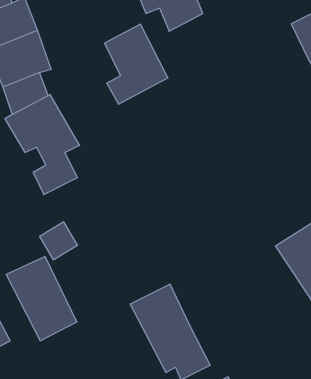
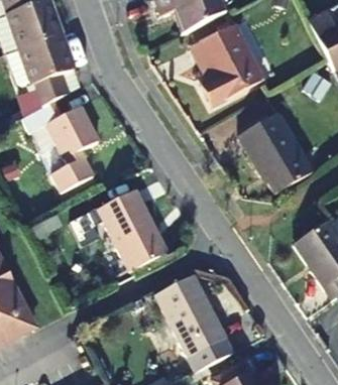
building: [105,24,168,104] -> [196,26,256,103]
building: none -> [236,111,311,190]
building: [6,257,77,341] -> [103,185,171,266]

